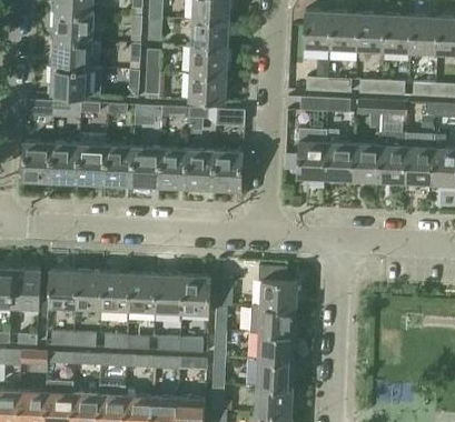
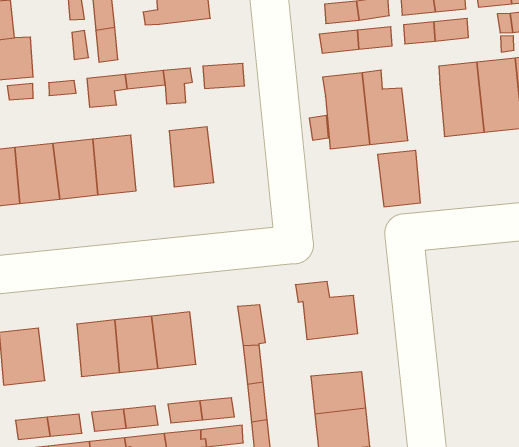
building: [189,74,227,103] -> none
building: [350,143,378,181] -> [378,150,420,207]
building: [158,148,187,188] -> none
building: [212,150,243,190] -> none
building: [76,271,103,309] -> none
building: [181,275,209,313] -> none
building: [250,305,296,334] -> none

